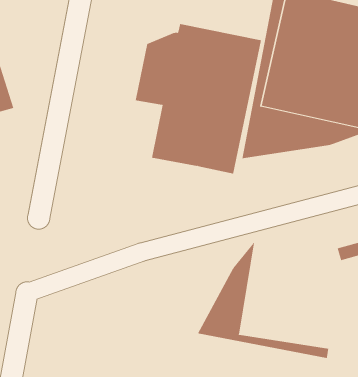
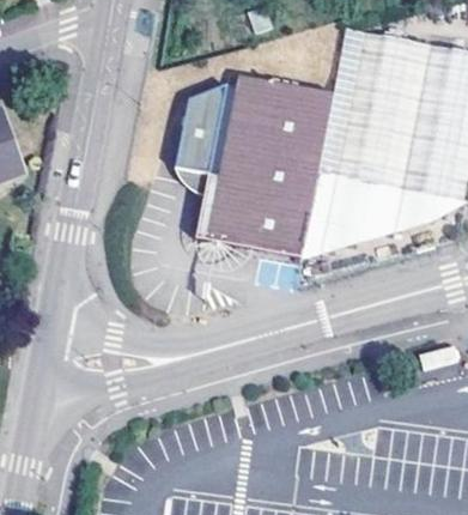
building: [197,241,329,359] -> none

